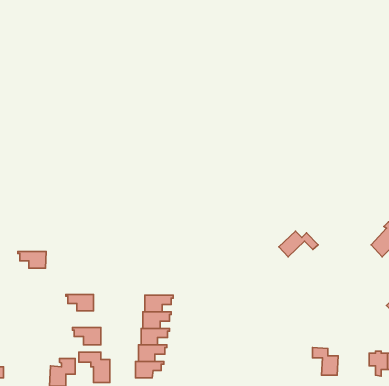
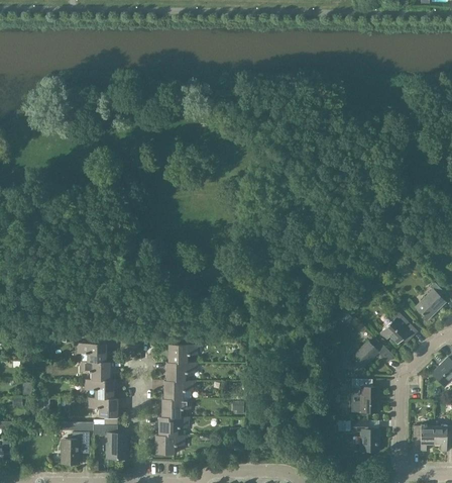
building: [279,231,318,257] -> [350,341,393,369]
building: none -> [380,310,418,343]
building: [18,252,46,268] -> [76,343,107,361]
building: none -> [168,344,201,362]
building: none -> [352,378,379,411]
building: none -> [83,379,114,397]

